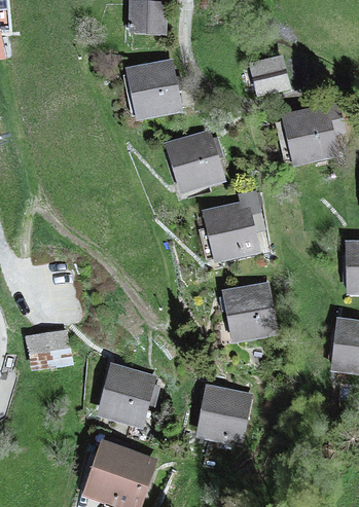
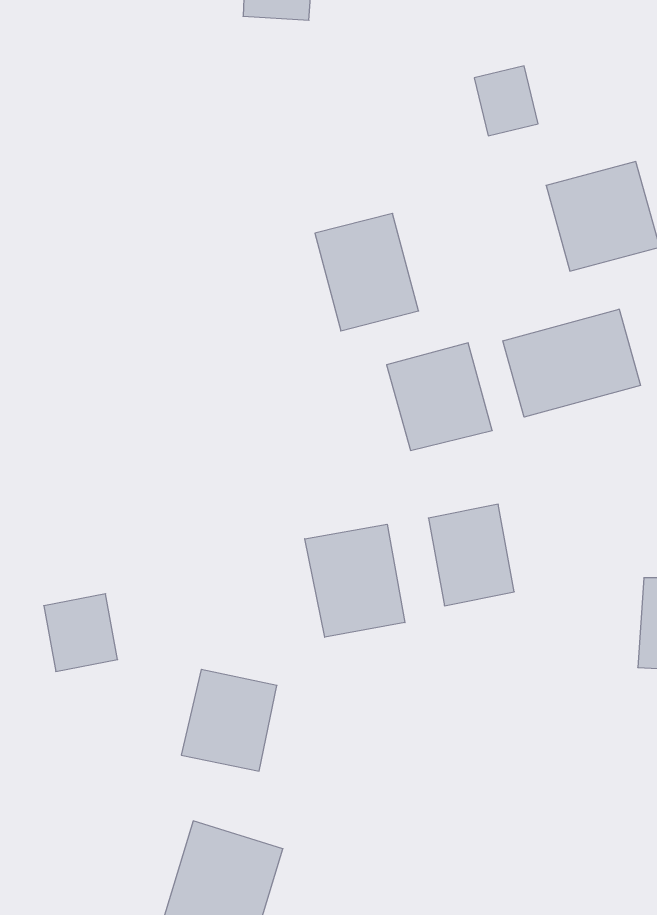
building: [127,63,173,115] -> none
building: none -> [503,309,640,417]
building: none -> [305,524,405,637]
building: [200,388,244,437] -> none

